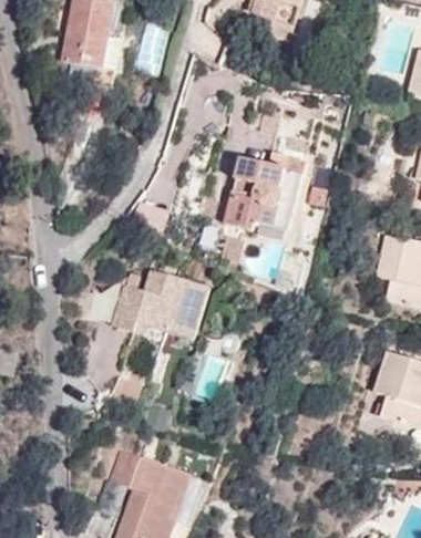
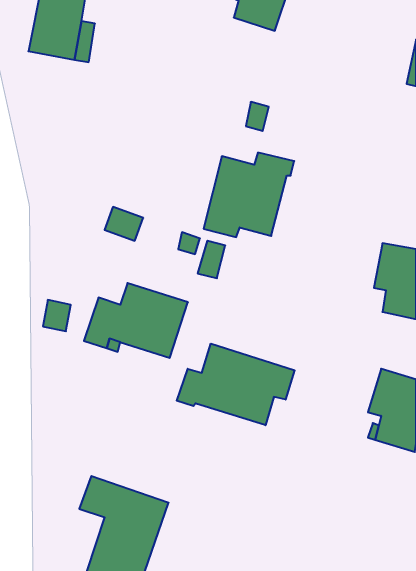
building: none -> [177,344,295,425]

